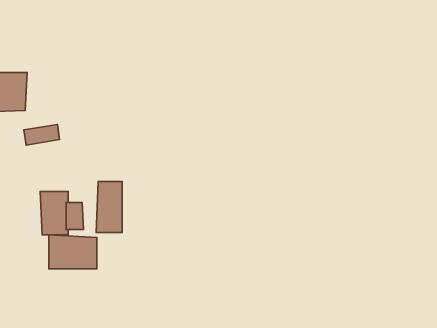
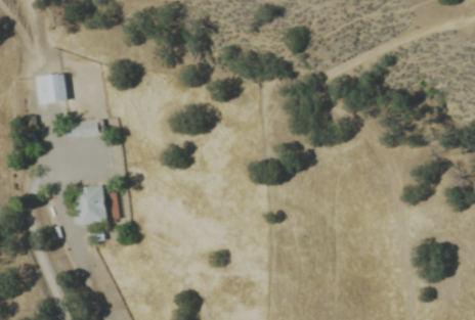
building: [96,181,122,233] -> none
building: [49,235,97,269] -> none

